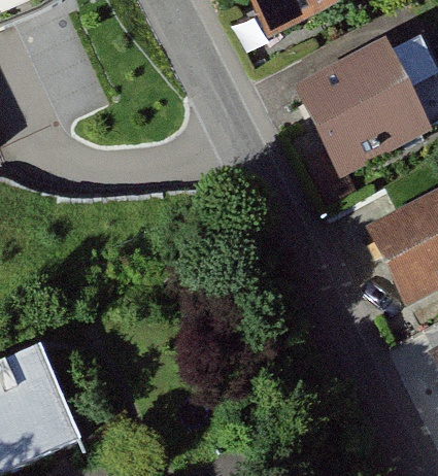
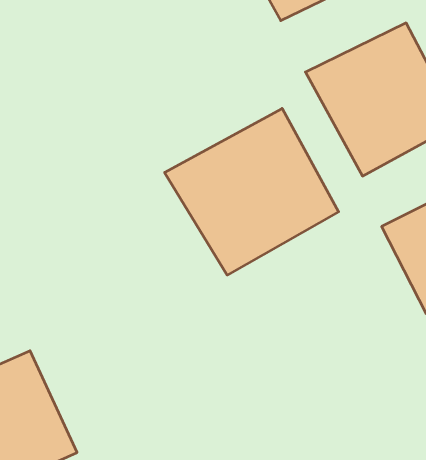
building: none -> [165,108,339,275]

